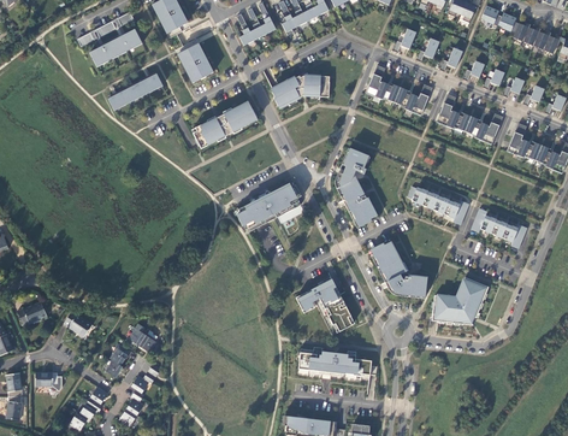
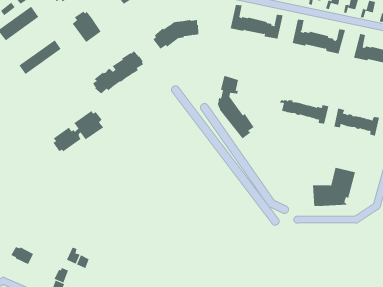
building: [237,182,301,226] -> [52,110,104,152]
building: [371,241,427,295] -> none
building: [297,278,351,330] -> none
building: [298,349,372,376] -> none

